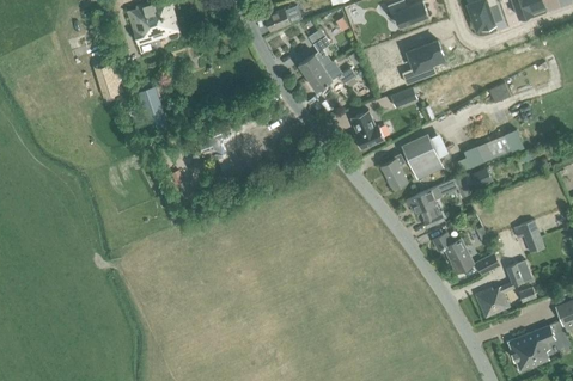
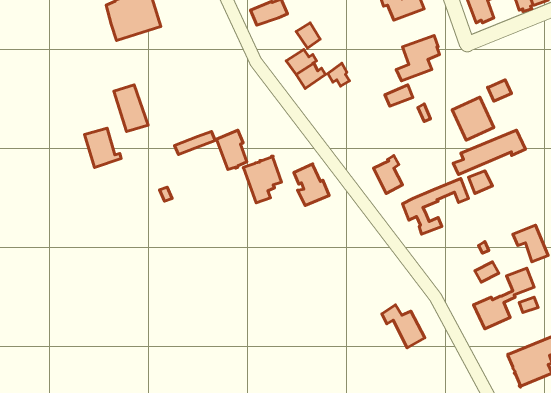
building: [93,62,128,99] -> [84,128,121,167]
building: [350,110,384,149] -> [294,164,329,206]
building: [404,140,444,180] -> [452,97,494,140]
building: none -> [243,156,282,203]
building: [433,233,474,274] -> [382,305,425,348]

